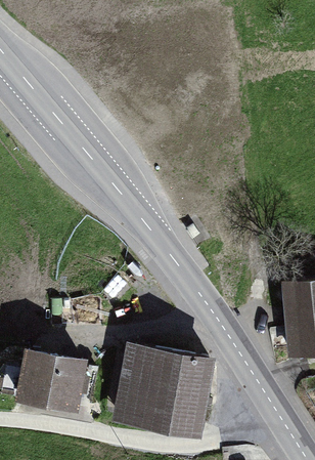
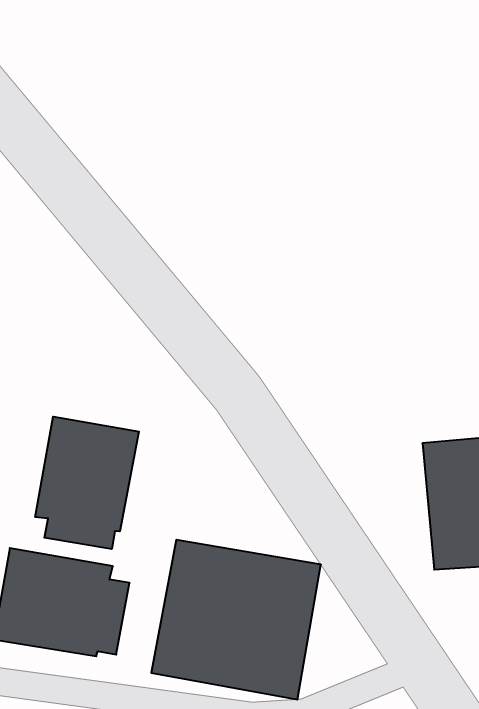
building: none -> [35,417,139,549]

